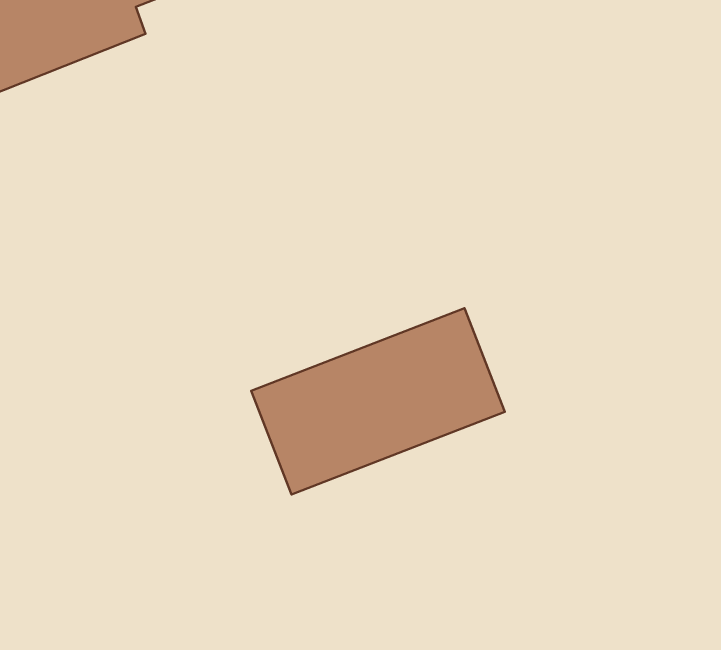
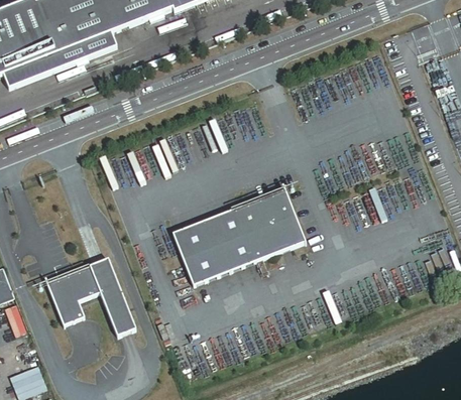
building: none -> [45,257,136,338]

